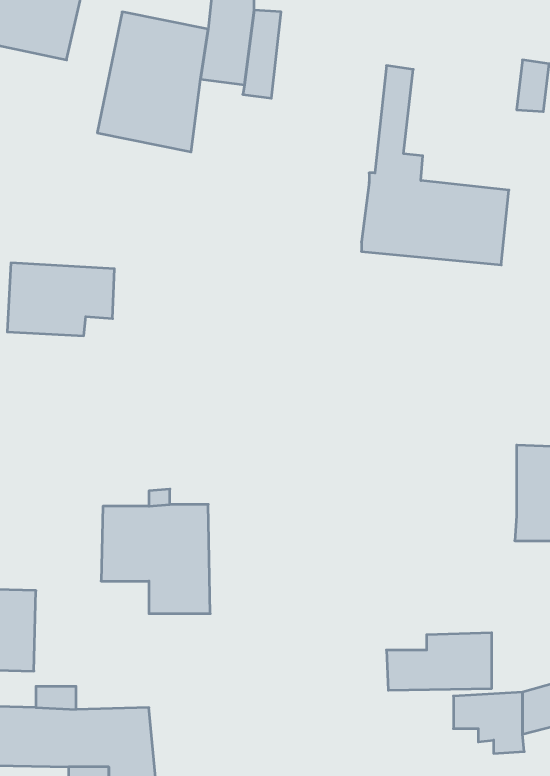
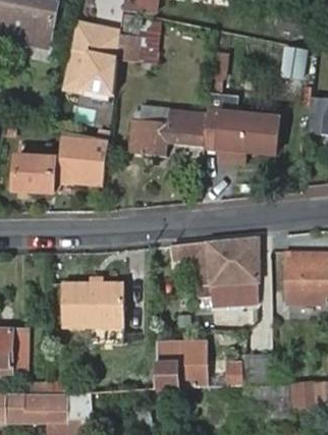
building: none -> [131,106,207,154]
building: none -> [45,132,106,163]
building: none -> [172,235,260,295]
building: none -> [158,341,203,388]

